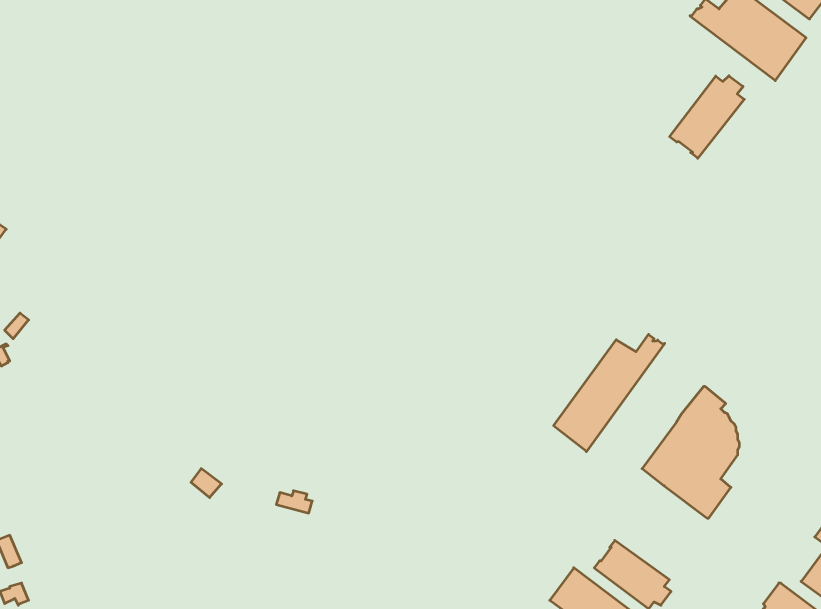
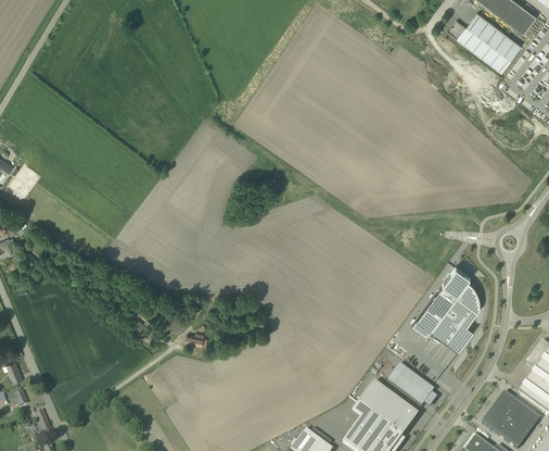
building: [670,76,744,158] -> none
building: [554,334,665,452] -> none

